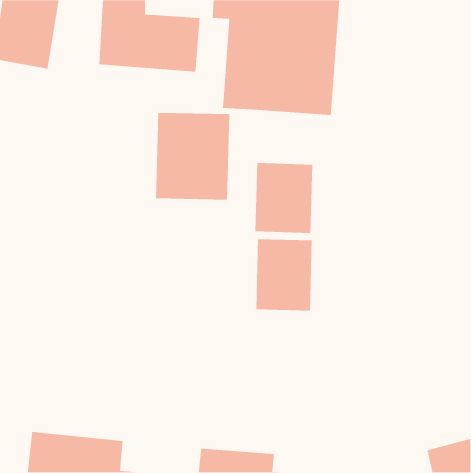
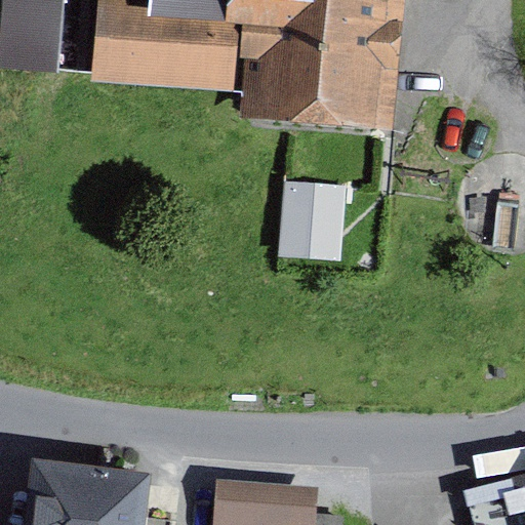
building: [155,112,230,200] -> none
building: [256,238,313,311] -> none

